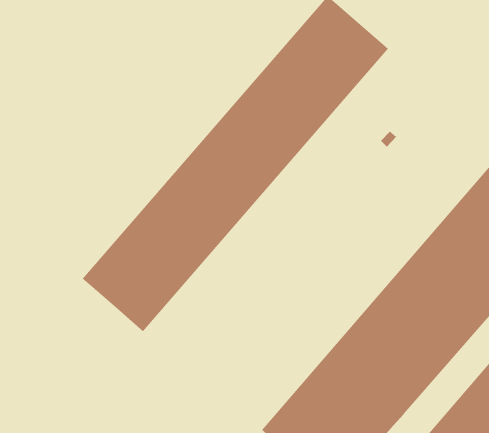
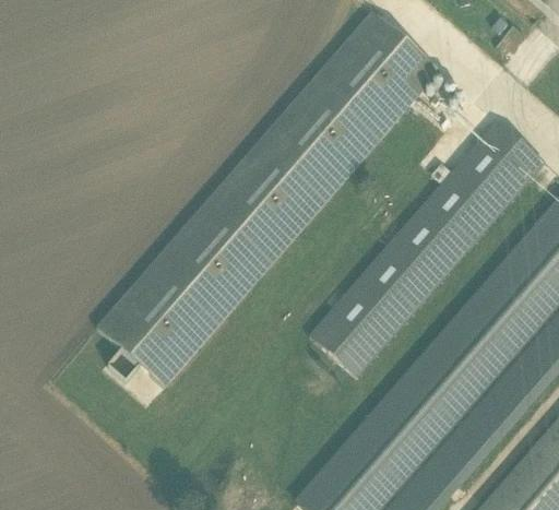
building: none -> [310,119,544,376]

